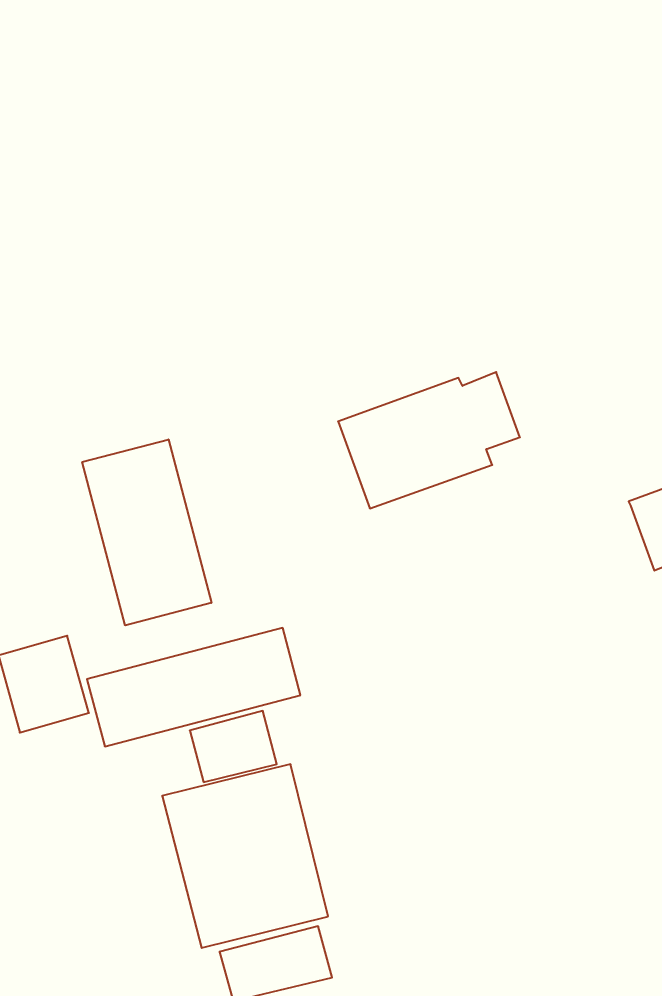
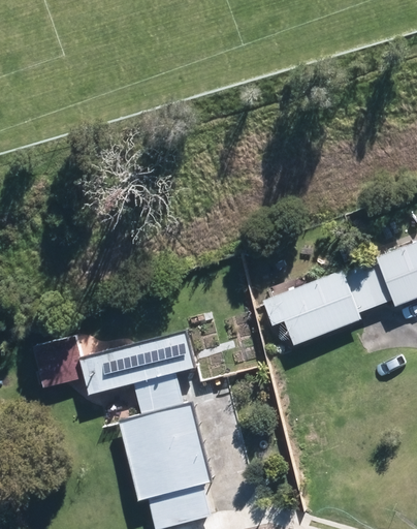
building: [338,372,520,508] -> [279,270,374,341]
building: [82,439,211,625] -> none

